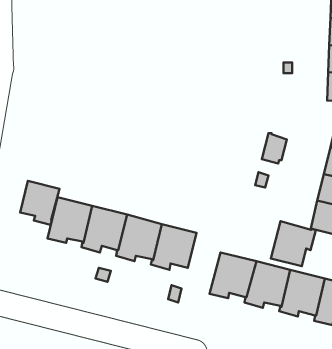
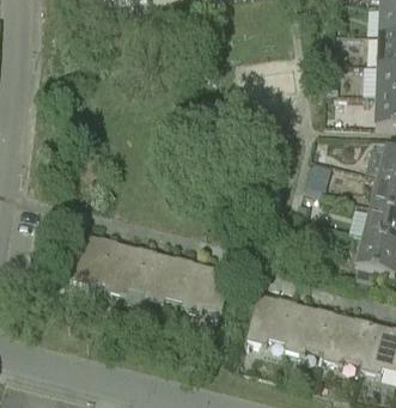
building: [20,181,59,225] -> none
building: [271,221,316,266] -> none

